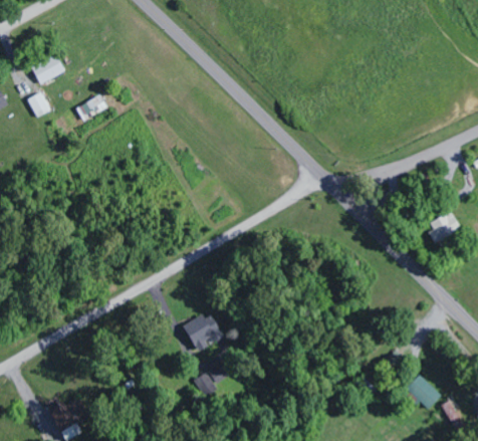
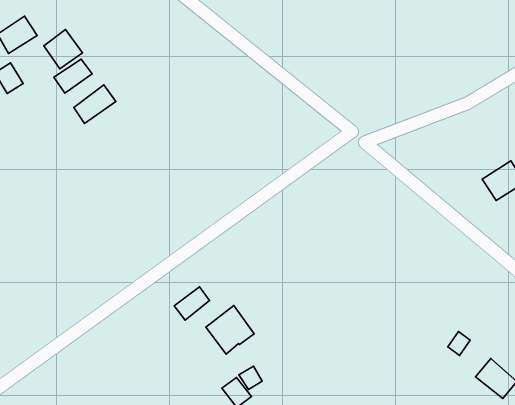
building: none -> [44,29,83,69]
building: none -> [74,85,116,124]
building: none -> [174,287,209,320]

